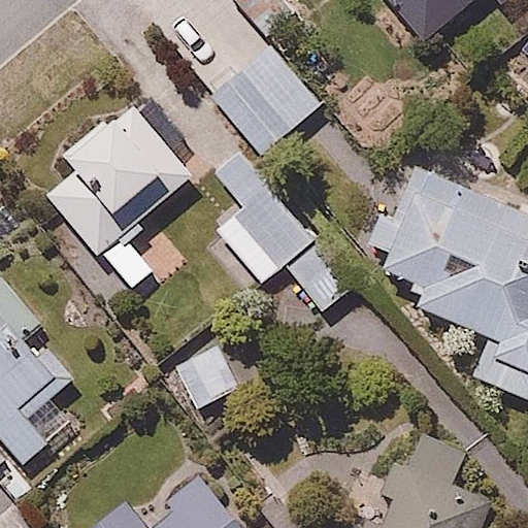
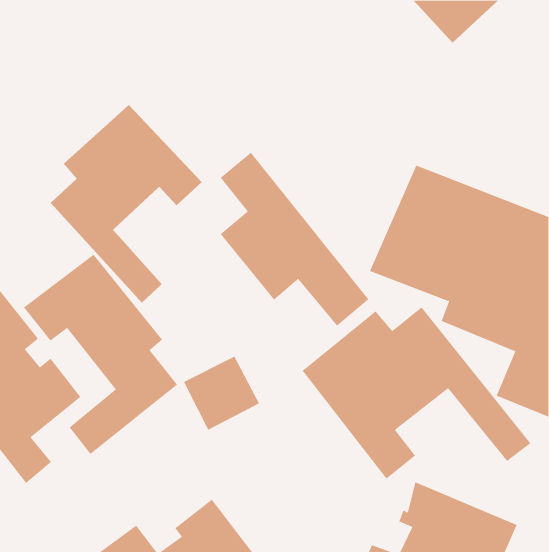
building: [201,53,324,154] -> none
building: none -> [23,254,178,455]
building: none -> [302,307,531,479]

